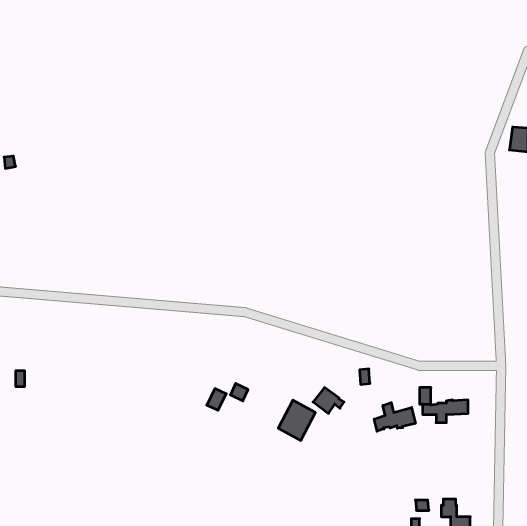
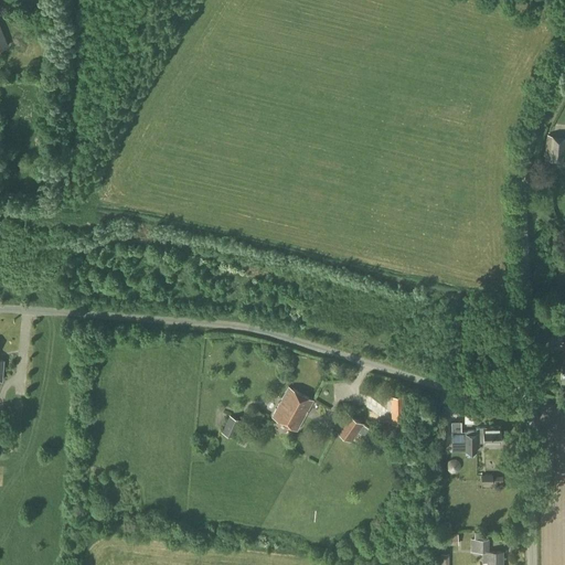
building: [278,400,315,440] -> [274,390,313,433]
building: [374,403,415,431] -> none

